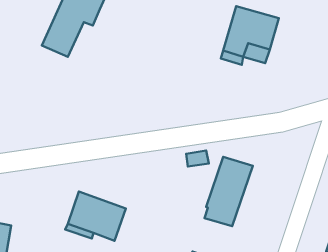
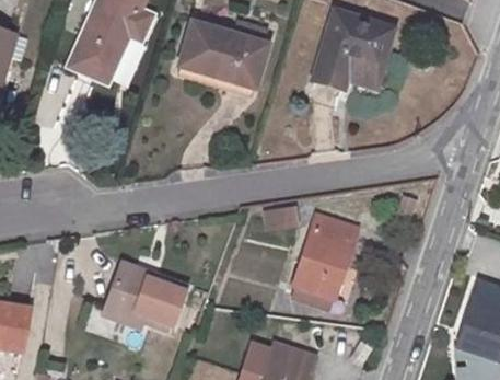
building: none -> [179,19,267,87]

